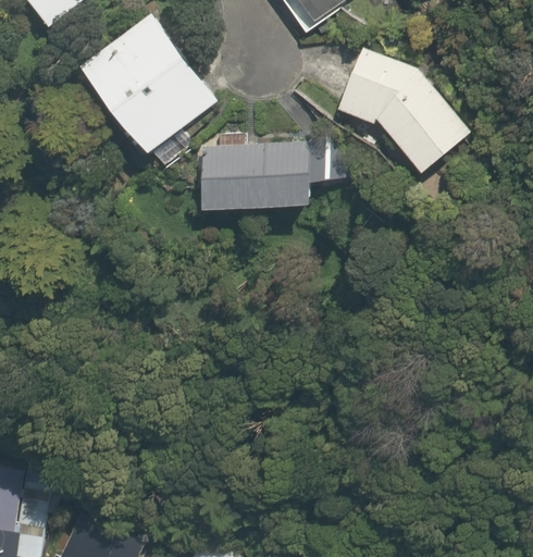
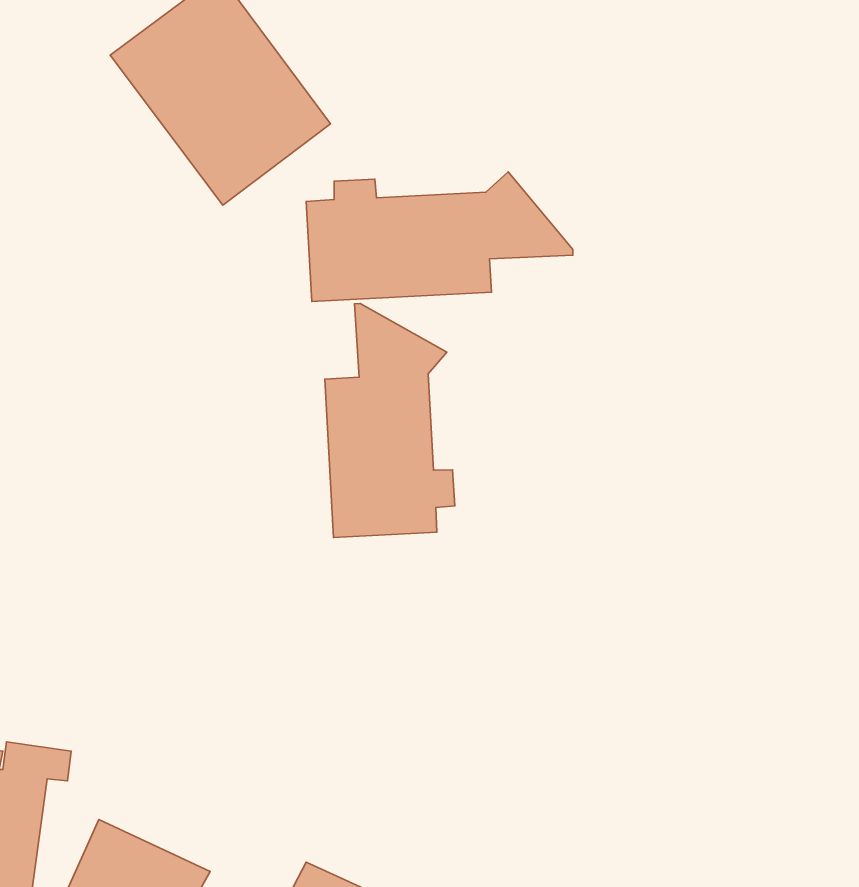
building: [336,48,469,173] -> none
building: none -> [325,303,455,537]

